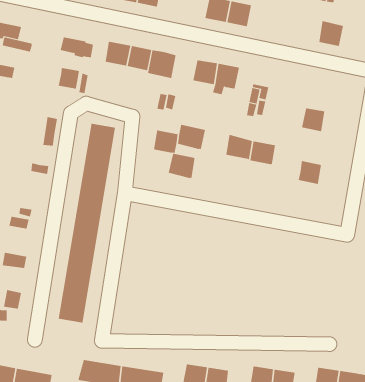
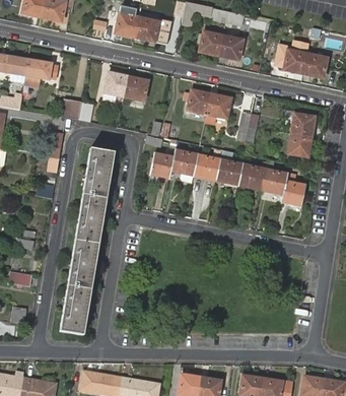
building: none -> [282,51,305,75]
building: [60,37,94,58] -> [24,61,56,80]
building: [147,49,176,79] -> none
building: none -> [290,116,313,139]
building: none -> [260,171,288,195]
building: [168,153,195,178] -> [194,156,219,180]

